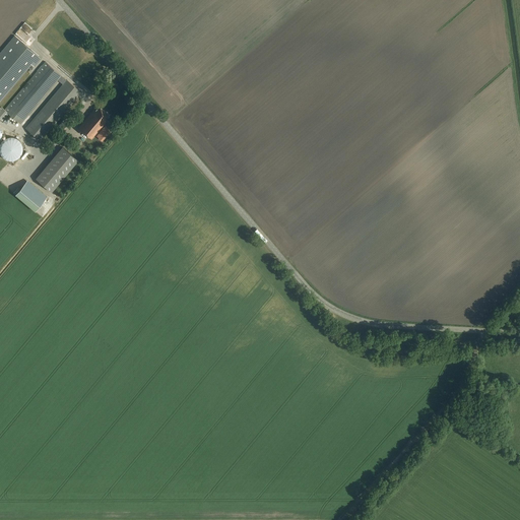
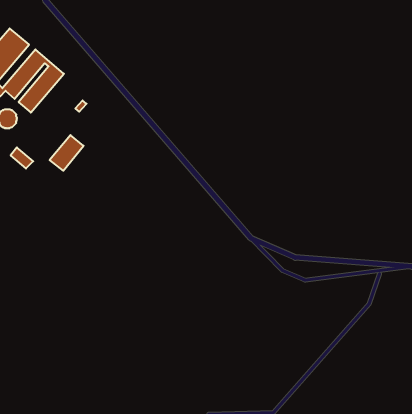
building: [76,106,110,139] -> none
building: [34,147,76,192] -> [50,135,84,171]

